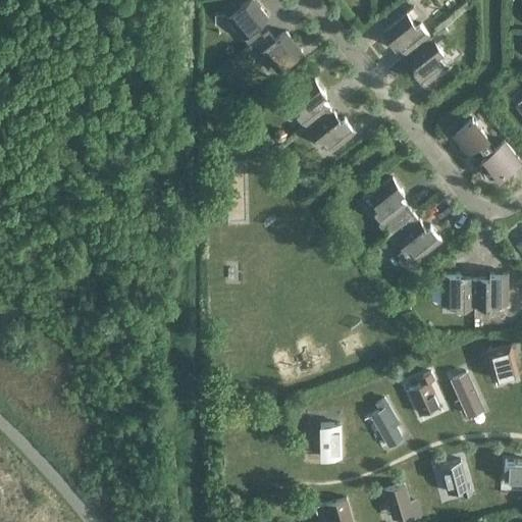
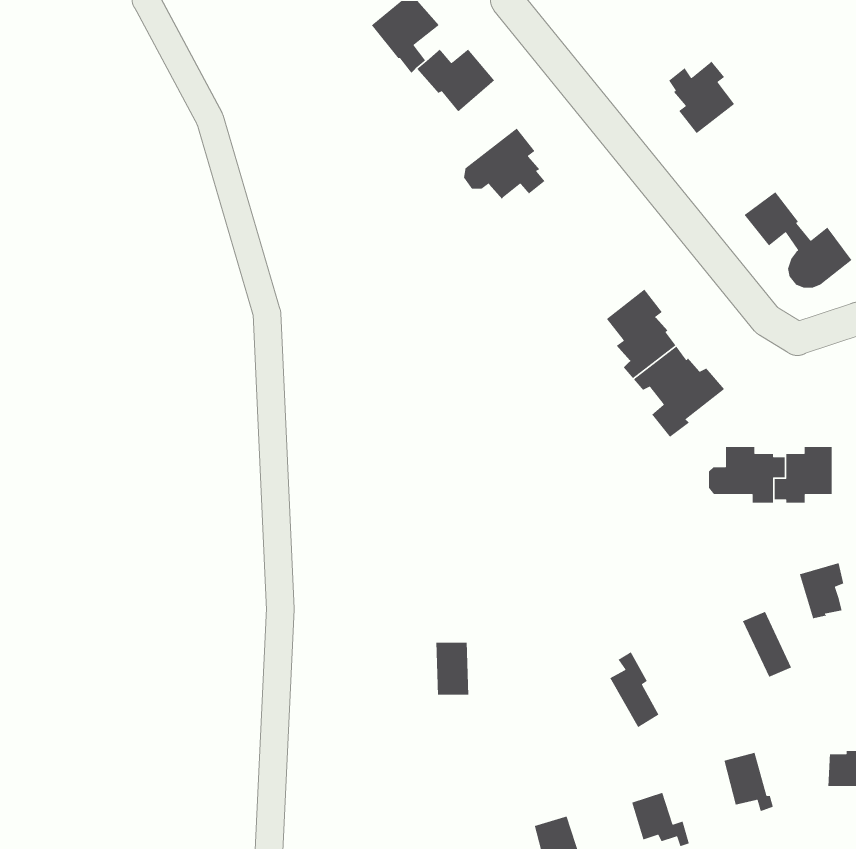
building: [383,17,432,55] -> none
building: [307,114,355,152] -> none
building: [409,374,439,416] -> none
building: [320,426,341,459] -> [436,642,469,695]

